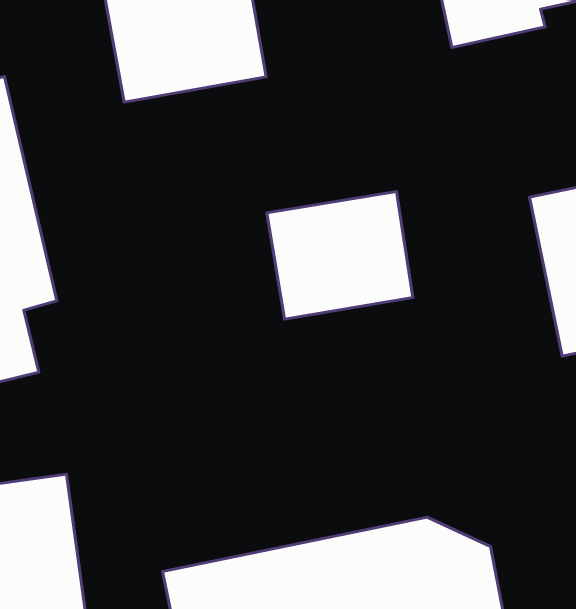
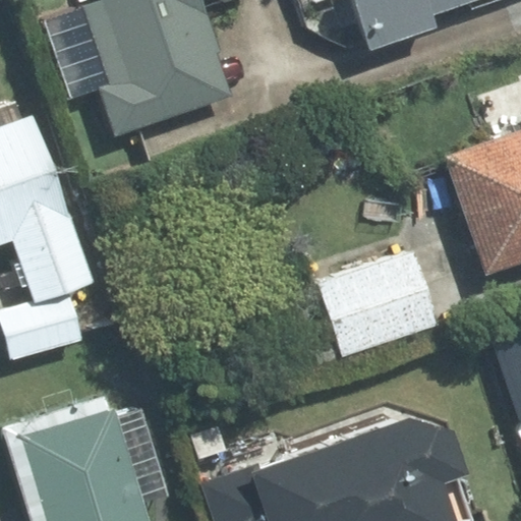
building: [267,191,413,319] -> [317,249,437,357]

